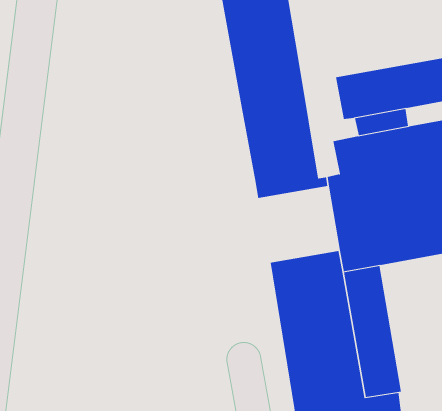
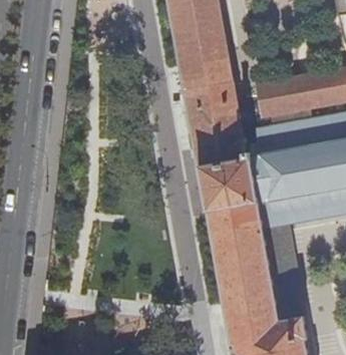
building: none -> [201,167,261,224]

